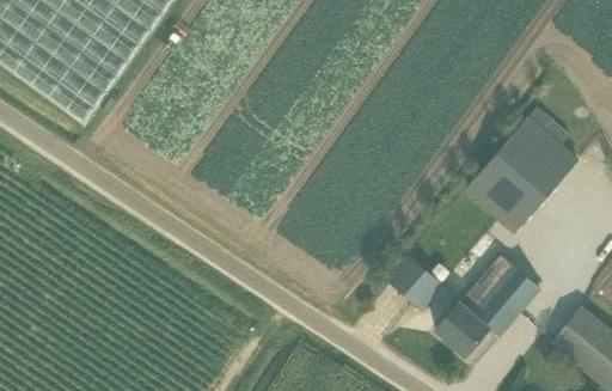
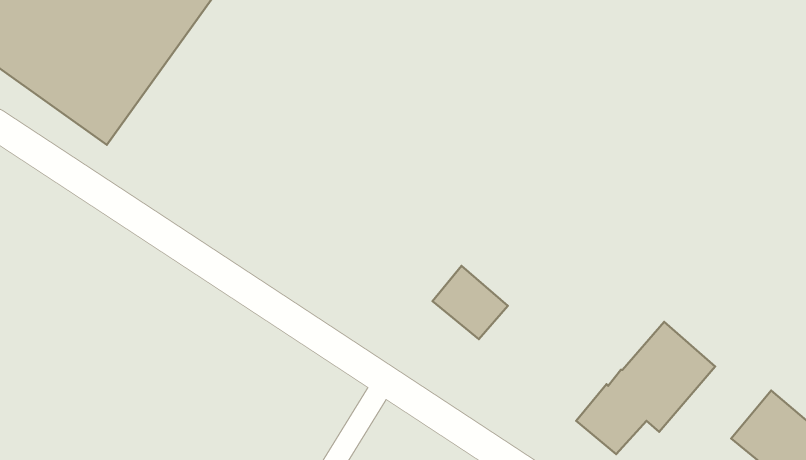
building: [465,116,577,231] -> none
building: [386,253,442,308] -> [433,266,508,339]

